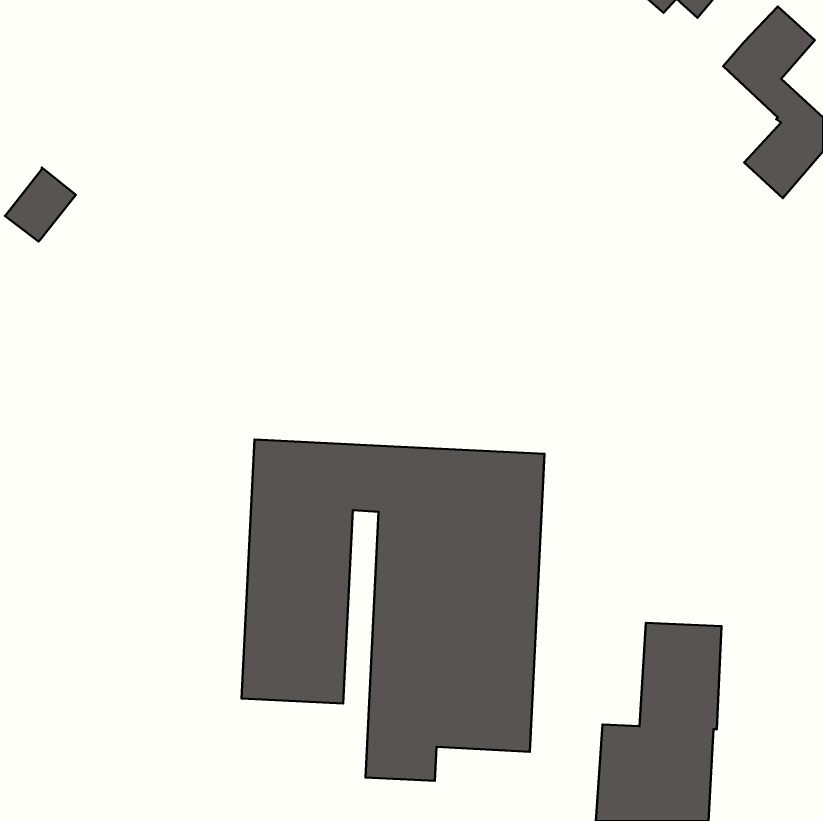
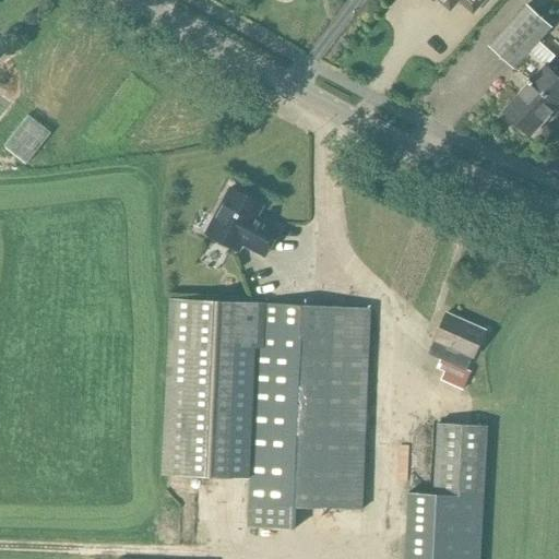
building: none -> [206,187,280,255]
building: none -> [428,312,486,390]

